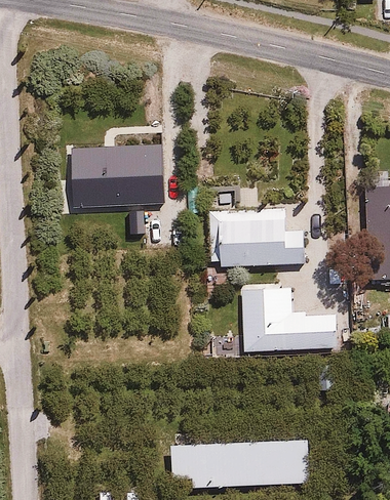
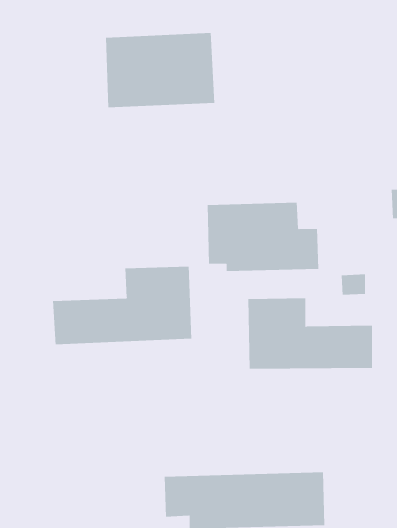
building: [70,147,164,211] -> [105,33,215,108]
building: none -> [53,266,192,345]

